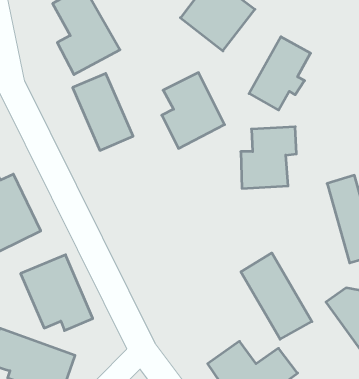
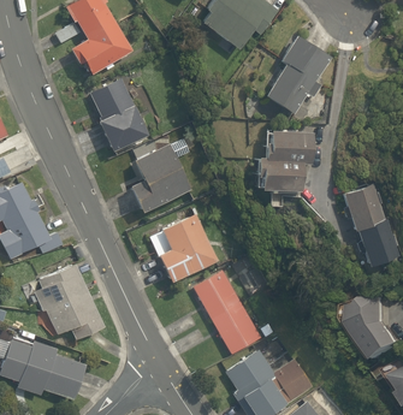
building: [162,73,225,148] -> [128,141,191,218]
building: none -> [146,211,215,283]
building: [241,253,312,339] -> [188,267,260,355]

